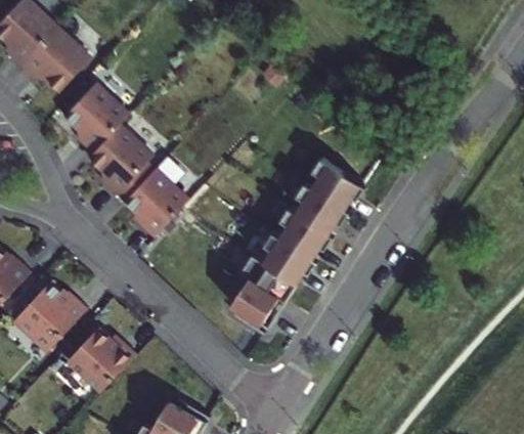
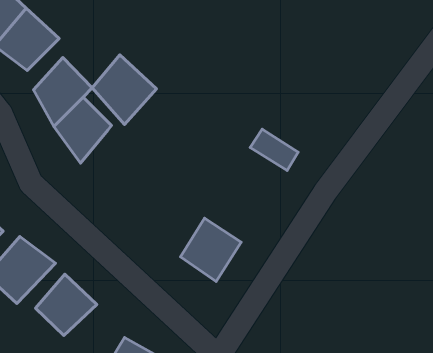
building: [117,161,188,238] -> [92,55,157,125]
building: [290,186,344,233] -> none
building: [273,210,328,256] -> none
building: [259,235,312,281] -> none

